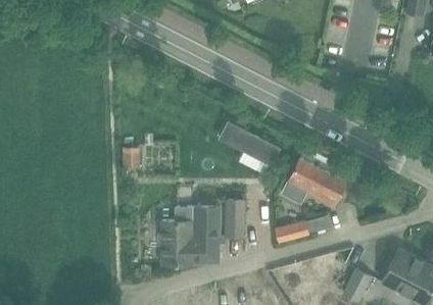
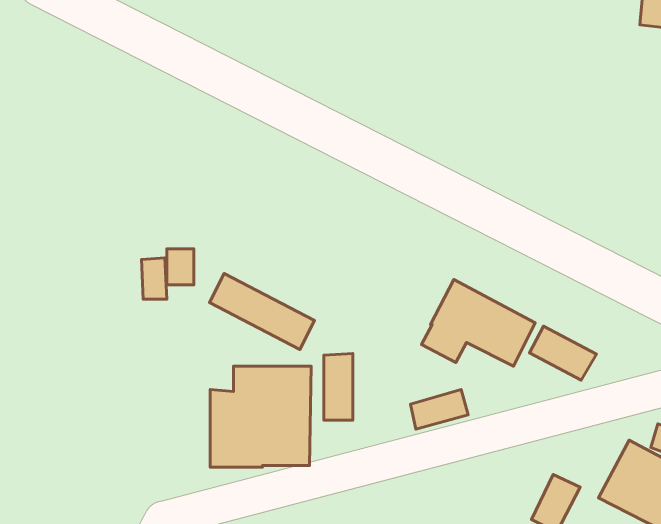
building: [221,122,280,165] -> [210,274,314,349]
building: none -> [529,326,597,380]

